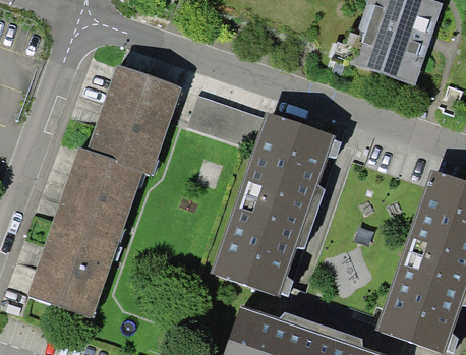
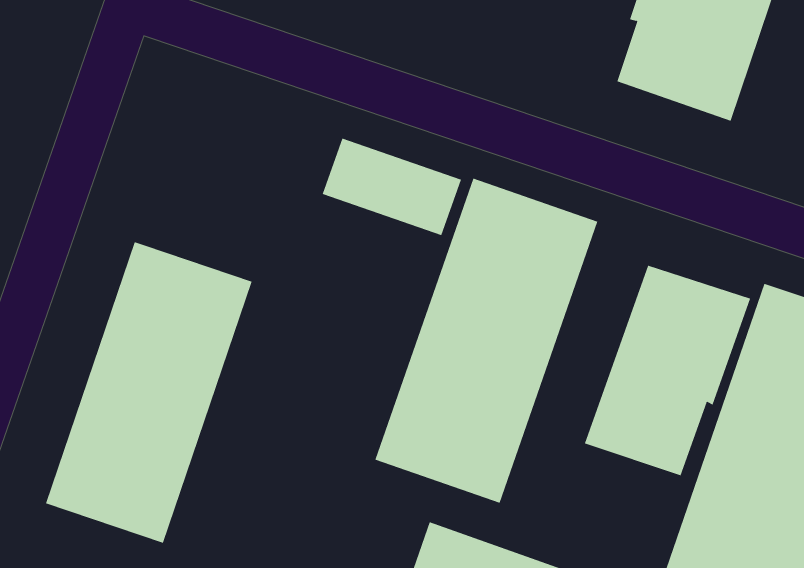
building: [85,65,183,174] -> none
building: none -> [584,265,751,476]

